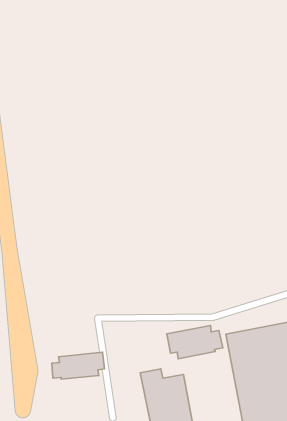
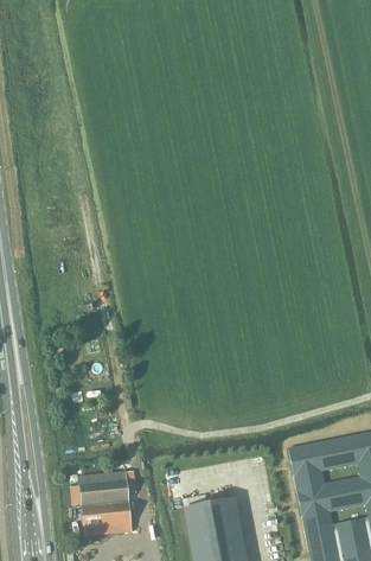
building: [167,325,223,359] -> none
building: none -> [82,501,132,536]

